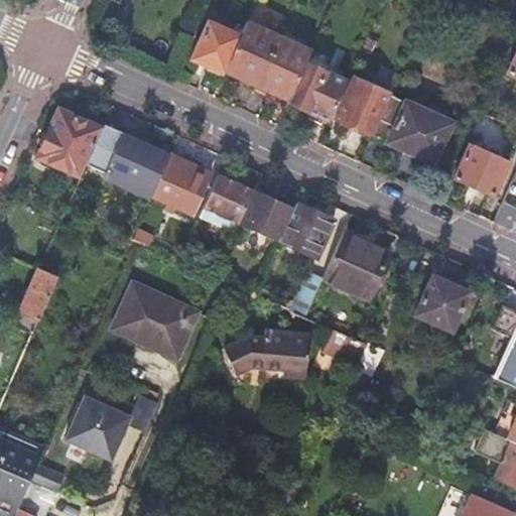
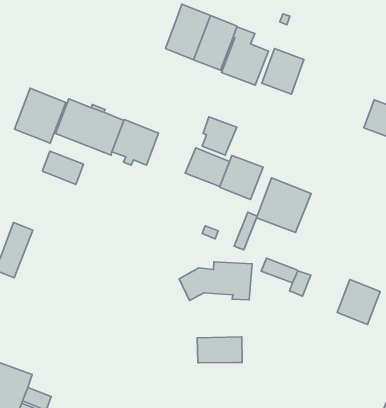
building: [192,22,240,73] -> none
building: [373,96,452,162] -> none
building: [212,177,254,224] -> [202,117,237,155]
building: none -> [43,151,84,184]
building: [414,275,467,330] -> [337,280,380,325]
building: [115,283,200,358] -> none
building: [66,394,159,459] -> none
building: none -> [197,337,242,363]

